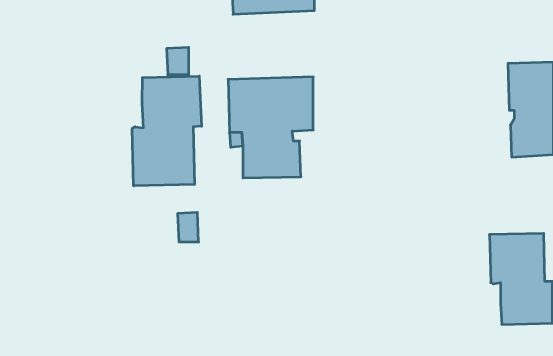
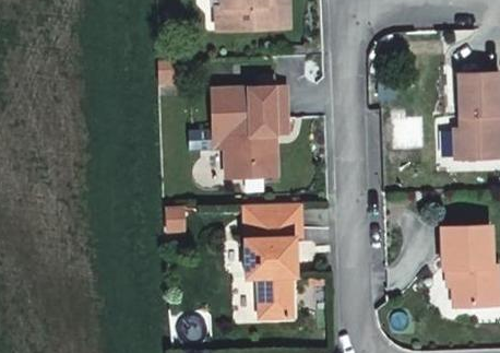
building: [132,76,202,186] -> none
building: none -> [242,203,301,319]

